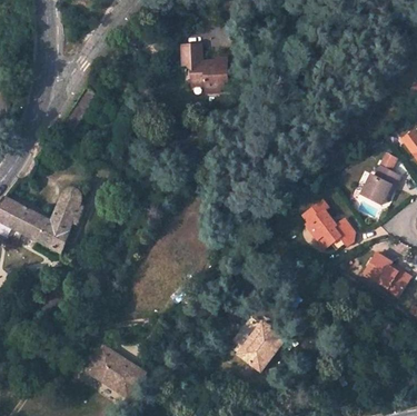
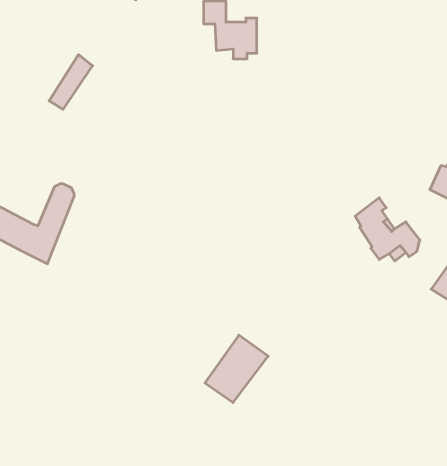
building: [241,314,291,367] -> [205,335,268,403]
building: [86,345,143,398] -> none

